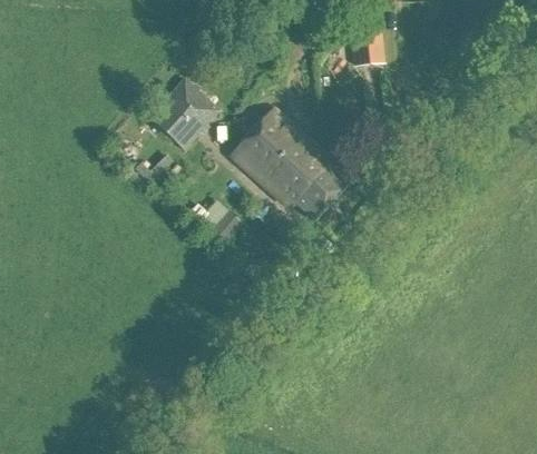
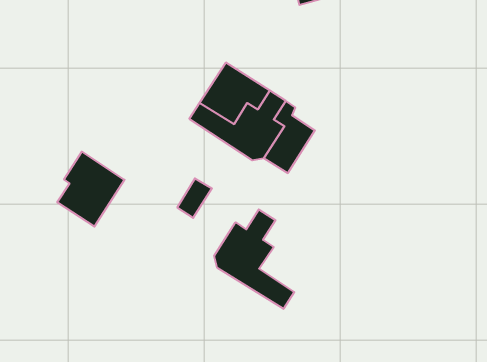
building: [150,77,217,149] -> [57,152,125,227]
building: none -> [214,209,294,309]

